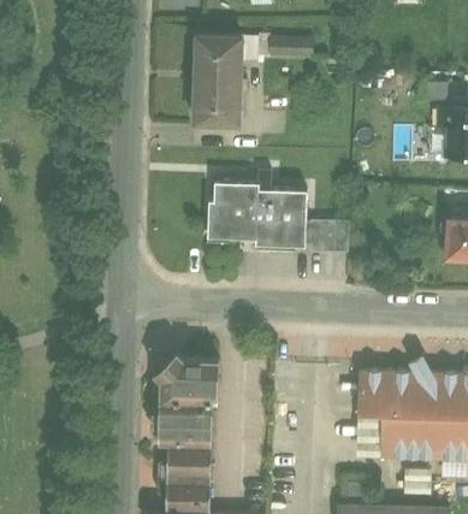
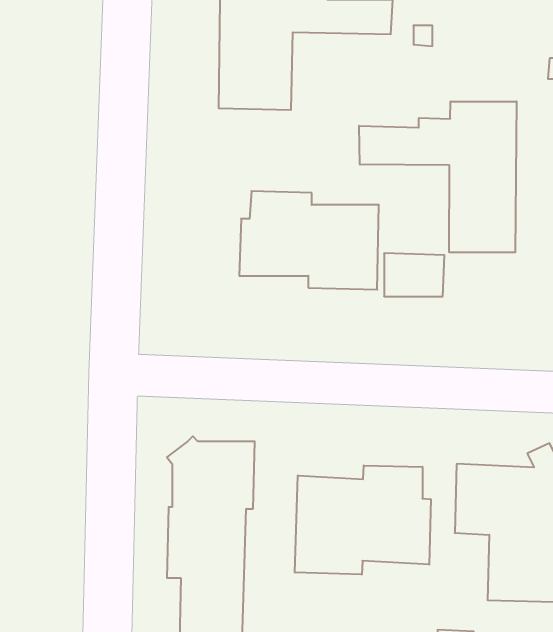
building: none -> [359,101,517,252]
building: none -> [295,465,431,575]

